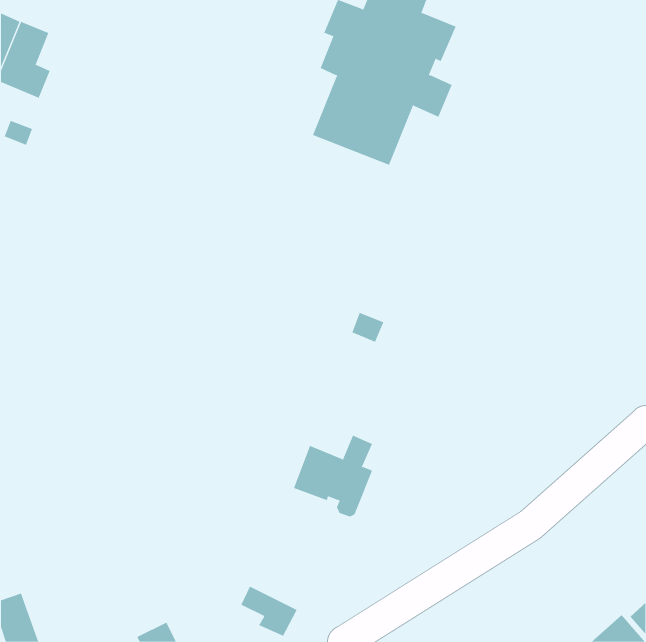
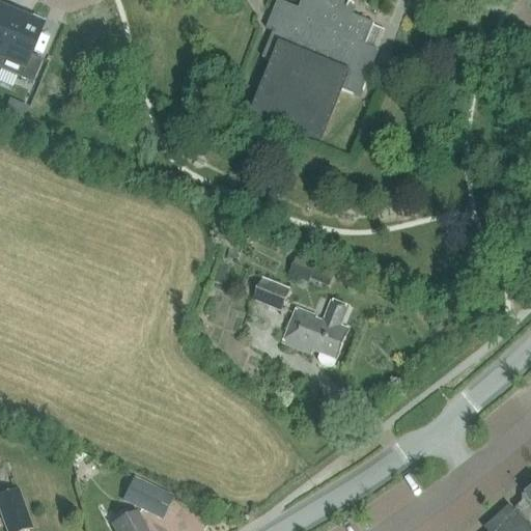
building: none -> [255,278,289,309]
building: [293,435,373,517] -> [283,299,348,366]
building: [241,586,298,637] -> [127,476,173,518]

